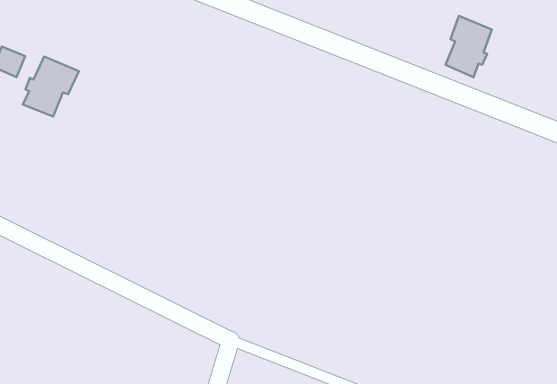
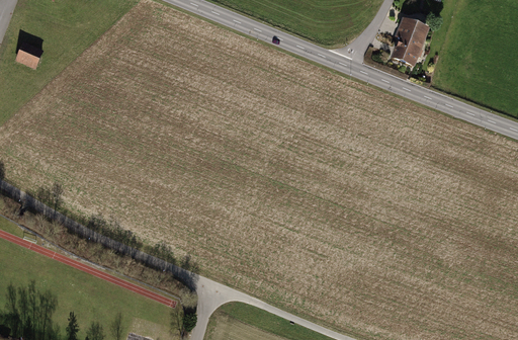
building: [23,57,79,116] -> none

